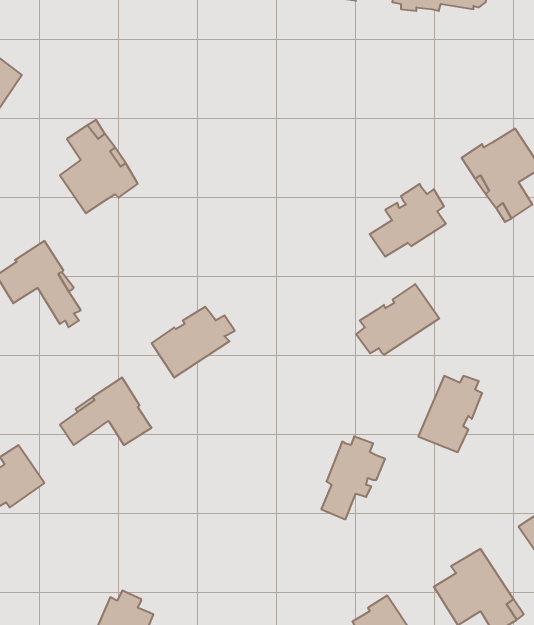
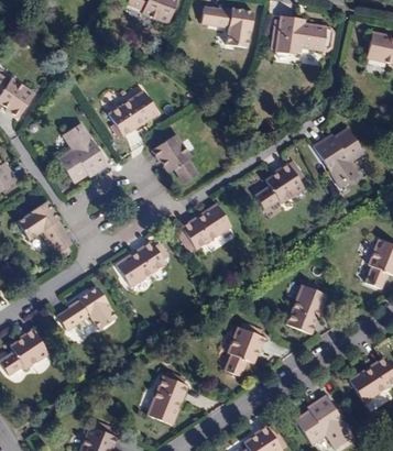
building: none -> [107,90,156,135]
building: none -> [151,134,197,183]
building: [356,284,439,355] -> [178,205,231,250]
building: none -> [146,372,187,426]

